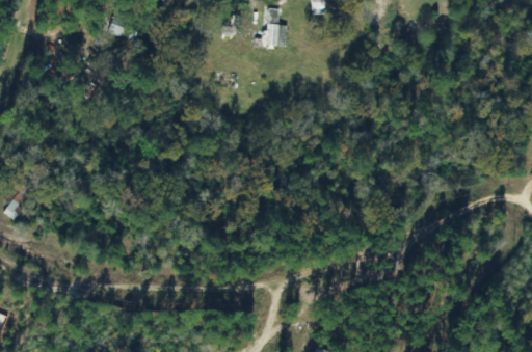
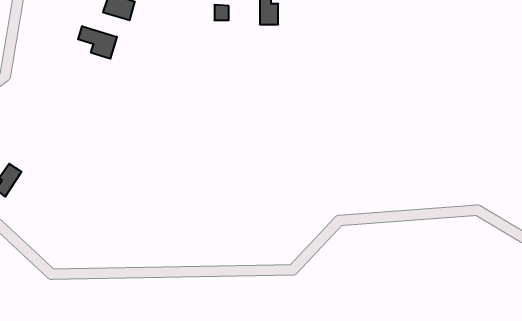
building: none -> [78,26,117,59]

